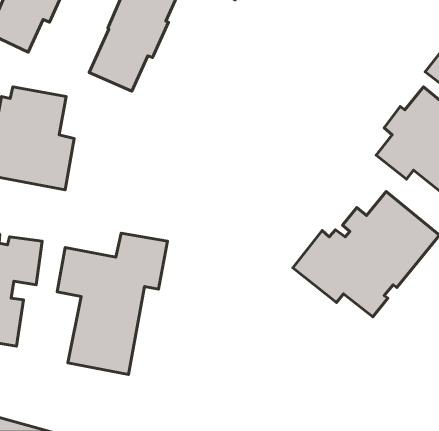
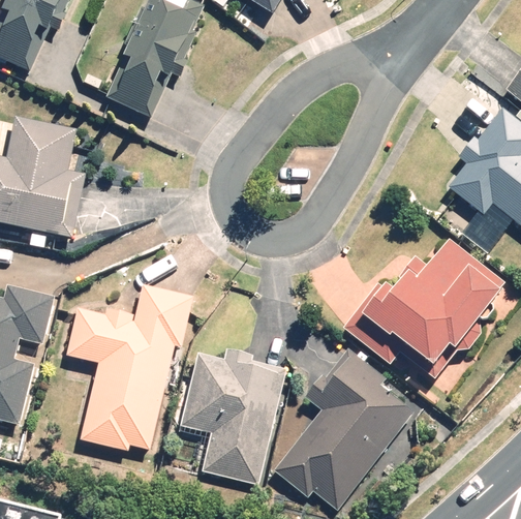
building: none -> [276,345,420,510]
building: none -> [184,350,282,484]

